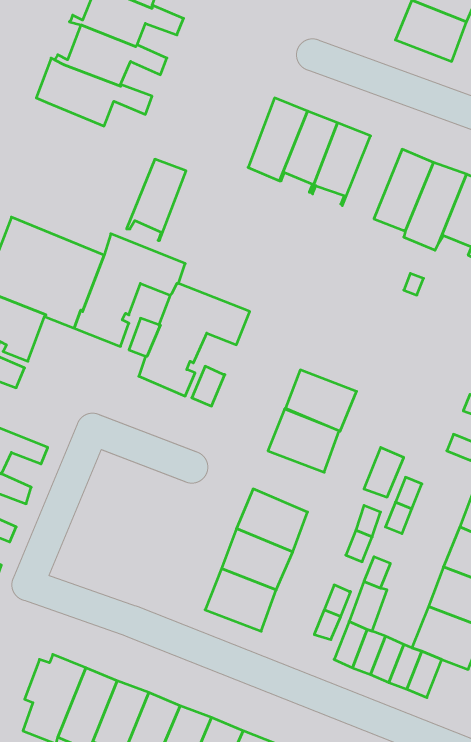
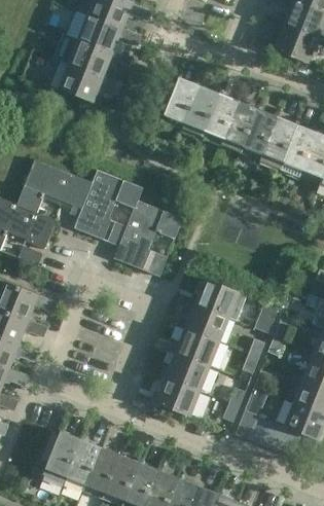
building: none -> [241,108,278,159]
building: [127,159,186,240] -> [161,77,199,128]
building: [285,370,357,431] -> [185,303,229,341]

